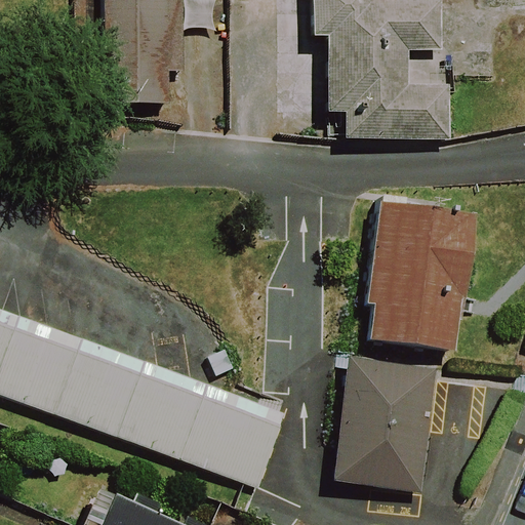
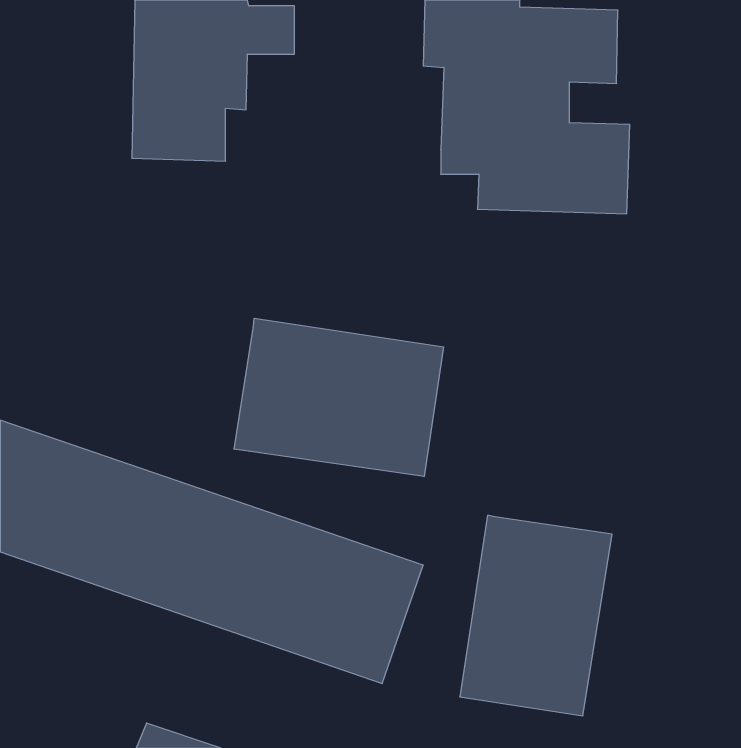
building: [372,195,483,347] -> none
building: none -> [234,318,444,477]

